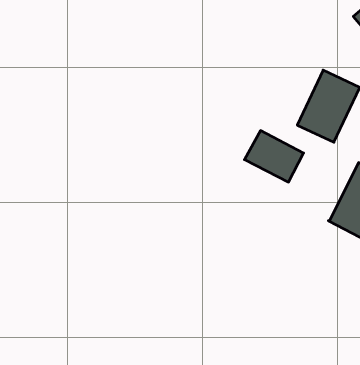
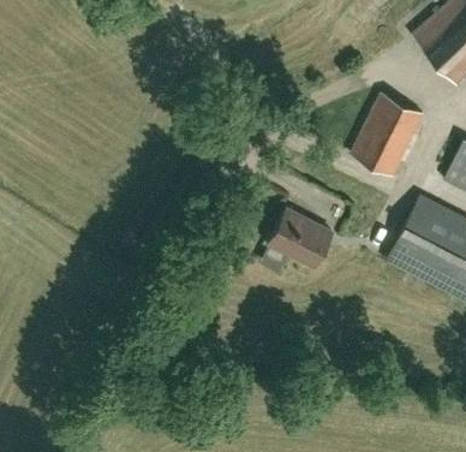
building: [244,131,304,182] -> [267,210,333,268]

